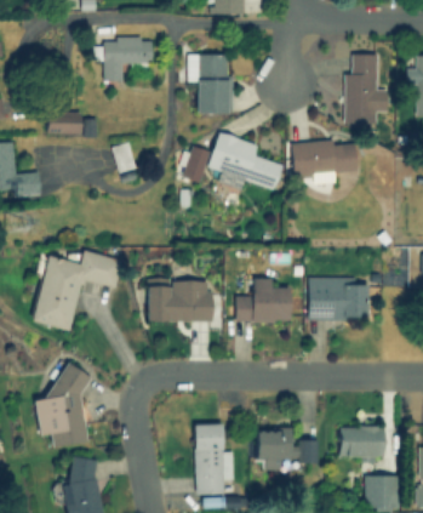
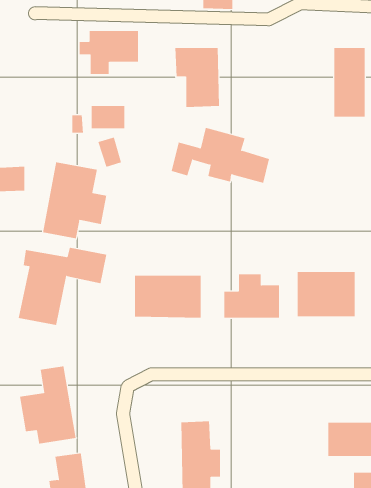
building: [47,112,81,135] -> [91,105,125,129]
building: [292,141,358,182] -> none
building: none -> [43,162,107,239]
building: [257,428,318,466] -> none

